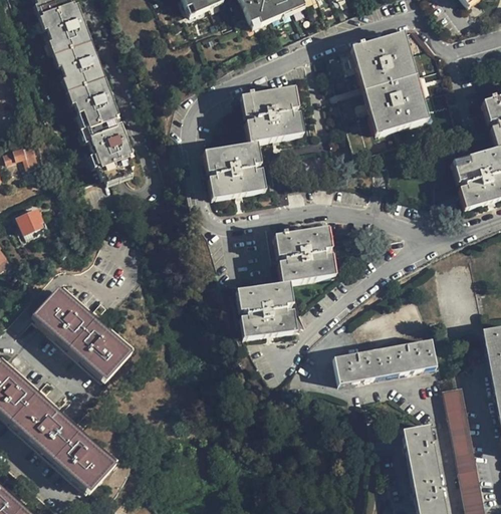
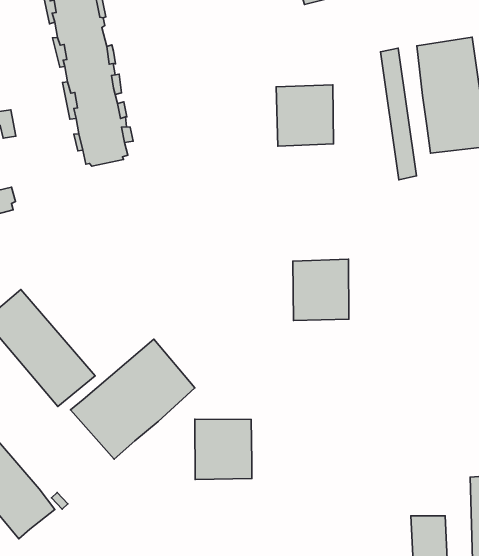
building: [208,142,261,197] -> none
building: [239,282,292,337] -> [195,419,252,480]
building: none -> [71,339,195,459]
building: [333,338,437,386] -> none

